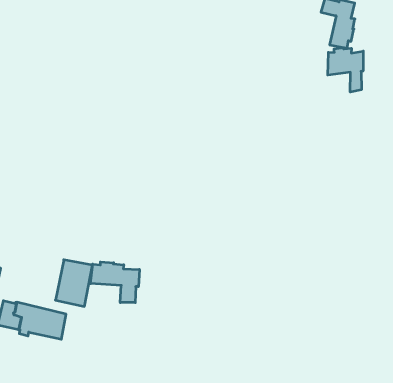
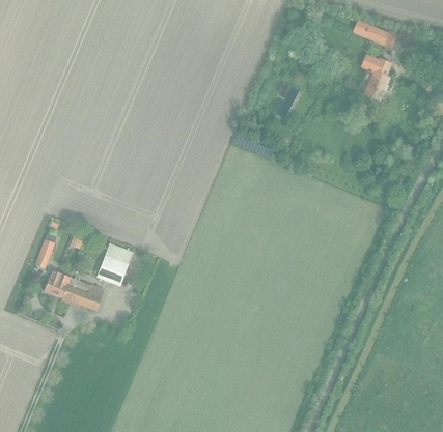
building: [328,48,363,92] -> none
building: [91,262,139,303] -> none

